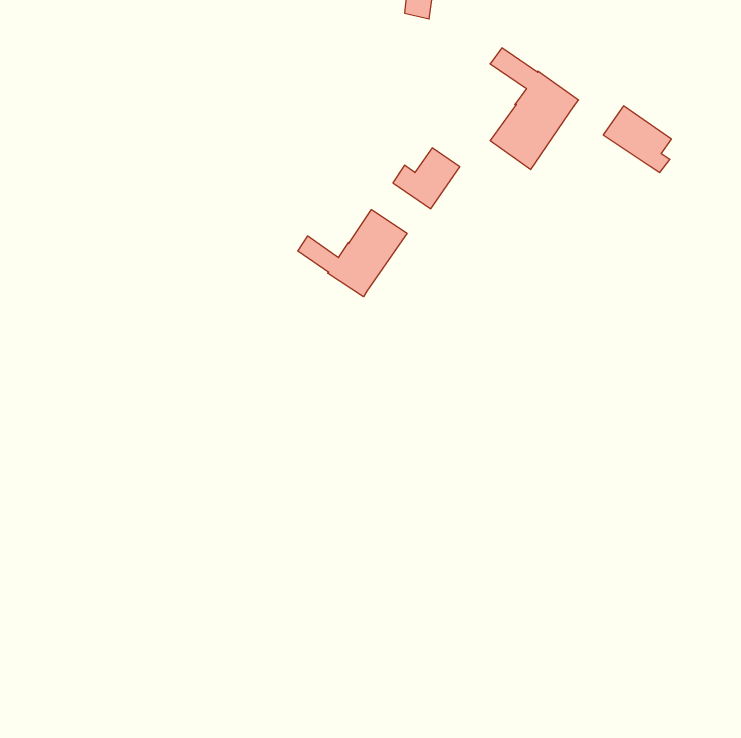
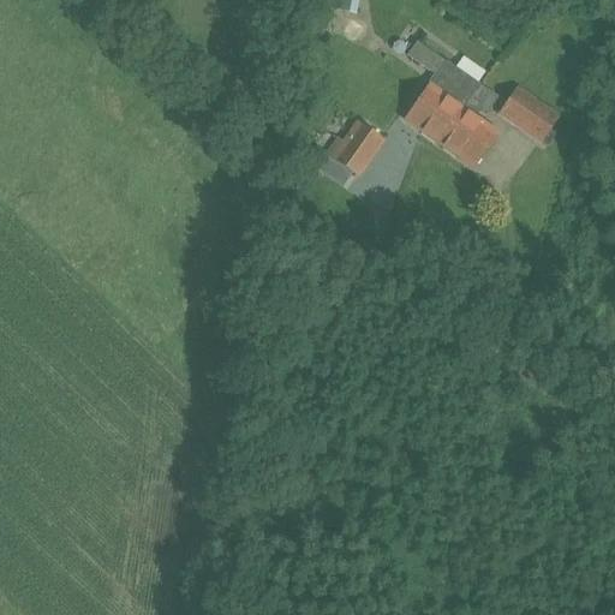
building: none -> [440,83,497,163]
building: [298,210,407,297] -> none

